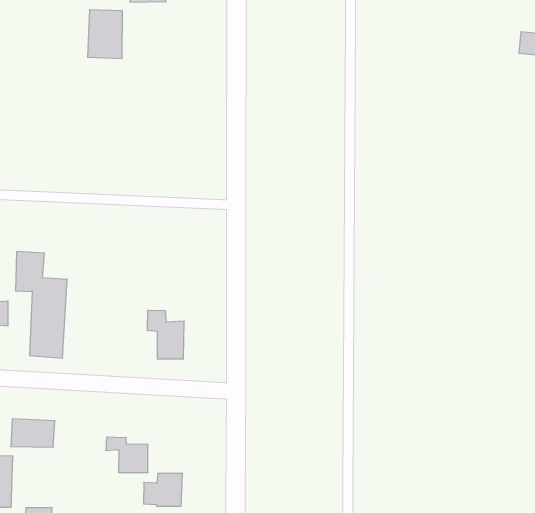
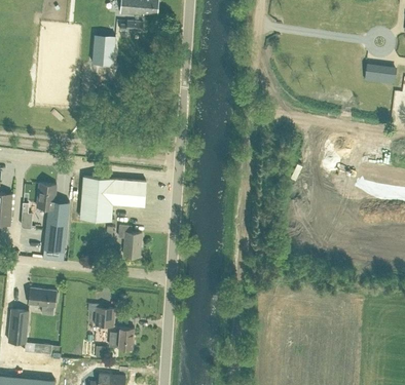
building: none -> [80,177,146,221]

